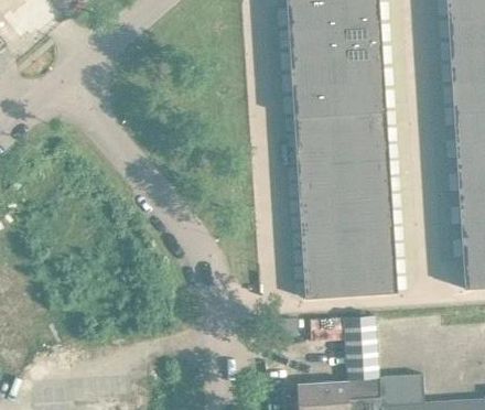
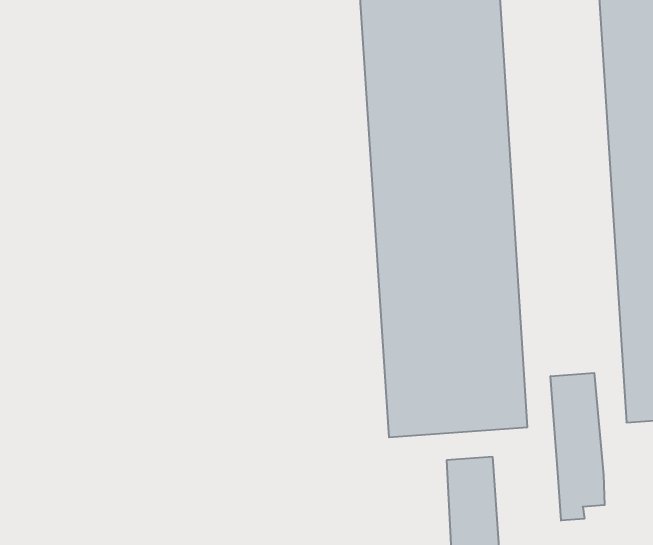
building: none -> [551,373,605,521]

